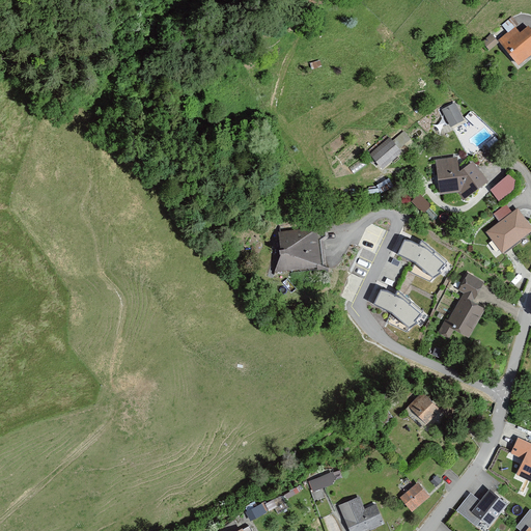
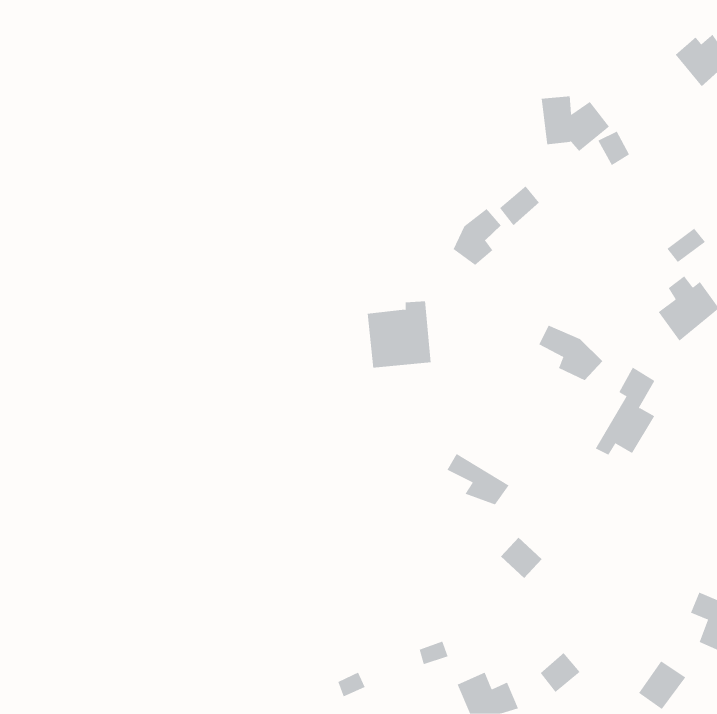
building: none -> [453,208,502,266]
building: [436,157,486,198] -> [541,96,610,152]
building: [374,291,421,330] -> [446,453,510,505]
building: [409,392,440,423] -> [500,537,542,579]

